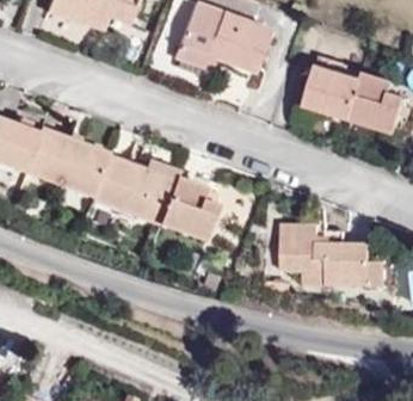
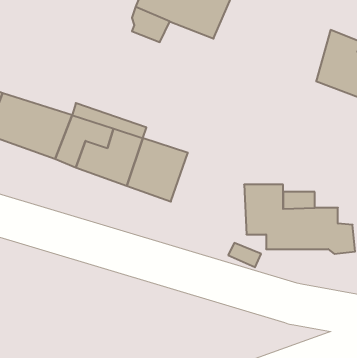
building: [303,51,364,119] -> none

